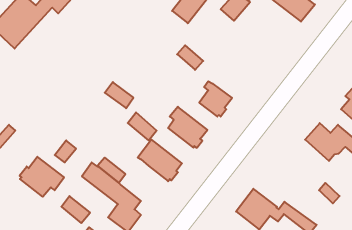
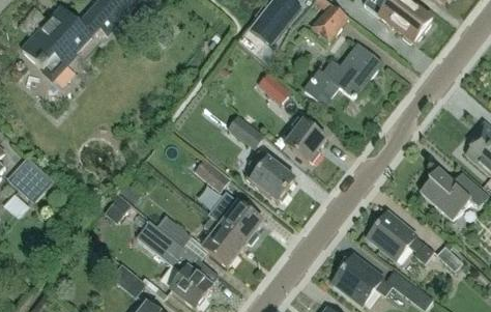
building: none -> [304,44,381,104]
building: [105,82,133,108] -> [228,114,264,147]
building: none -> [366,210,434,262]
building: [20,157,64,197] -> none
building: none -> [202,216,245,266]

